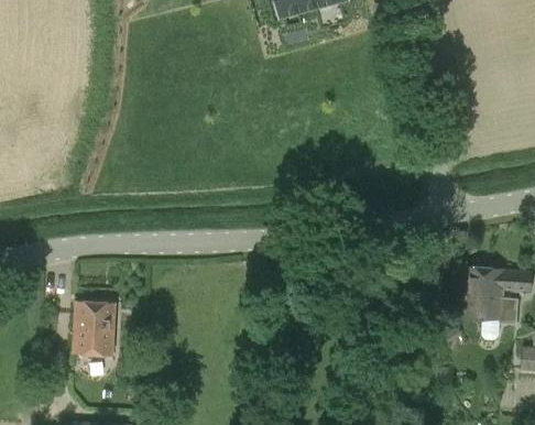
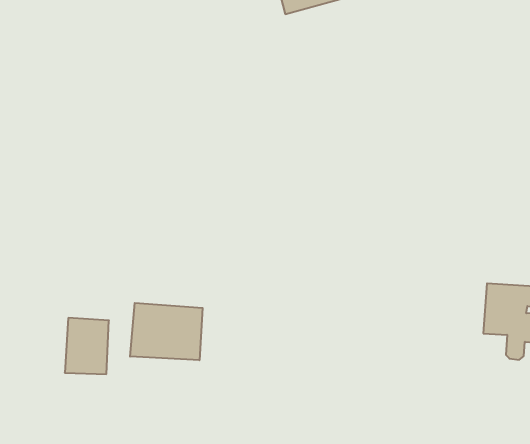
building: none -> [130,303,203,360]

